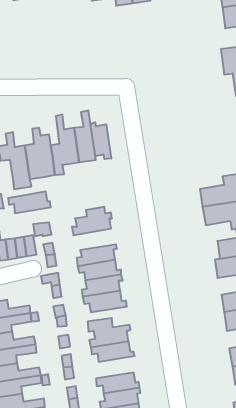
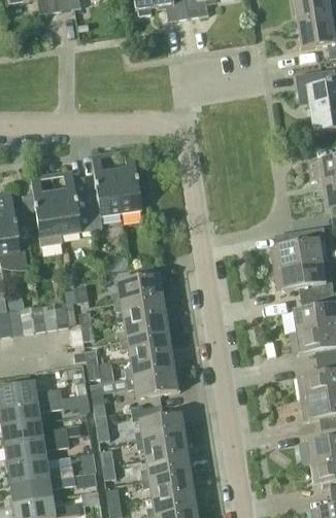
building: [90,122,111,159] -> none
building: [8,191,51,213] -> [114,293,167,320]
building: none -> [141,450,191,478]

